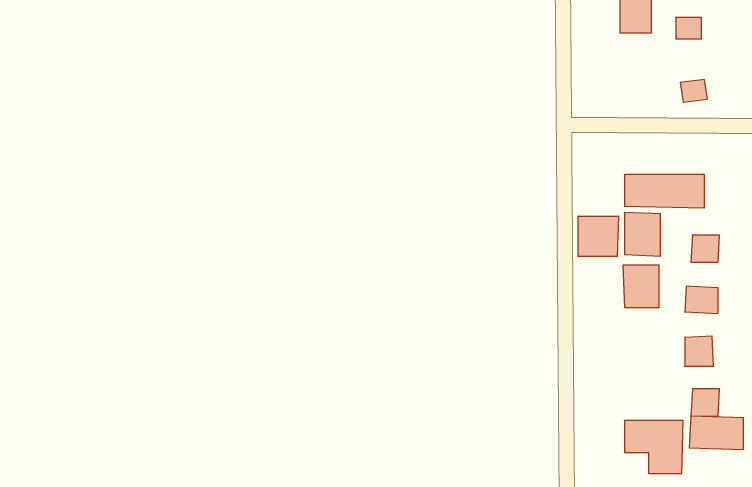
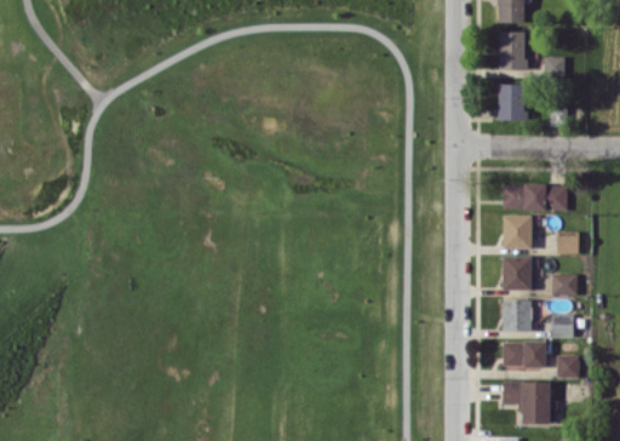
building: none -> [498,84,524,121]
building: [578,216,618,257] -> none
building: none -> [501,299,530,332]
building: [689,416,744,449] -> [501,342,545,368]

